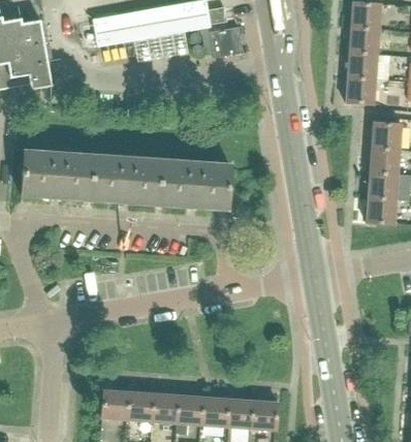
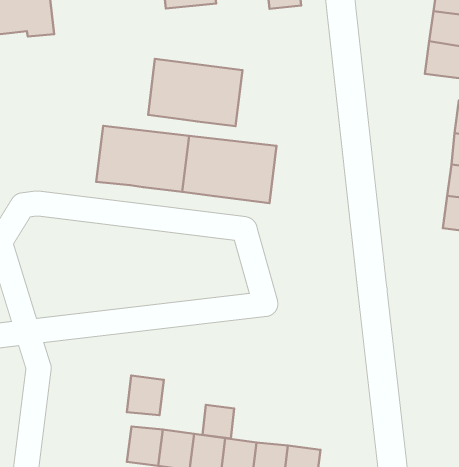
building: [21,151,93,200] -> [148,59,242,126]
building: none -> [202,405,234,439]
building: [100,389,128,419] -> [127,376,164,415]

